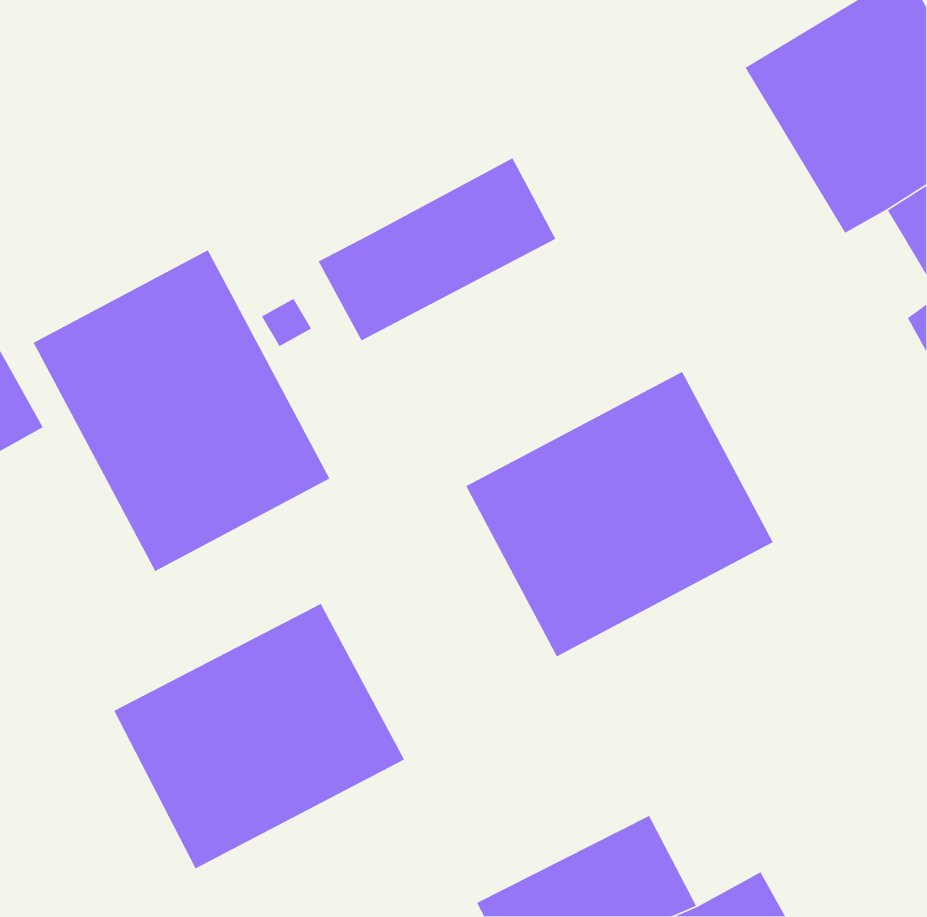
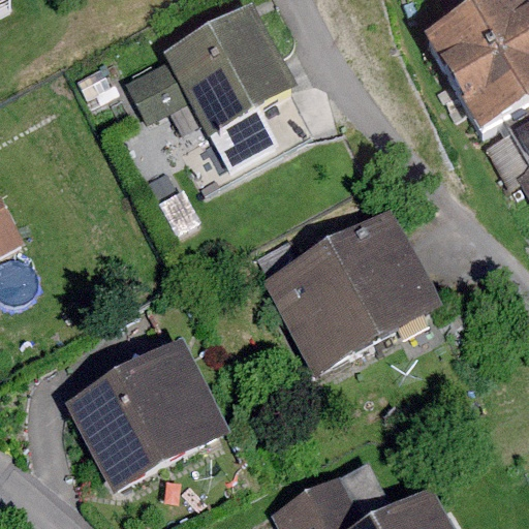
building: none -> [125,7,290,133]
building: [32,249,331,572] -> none

